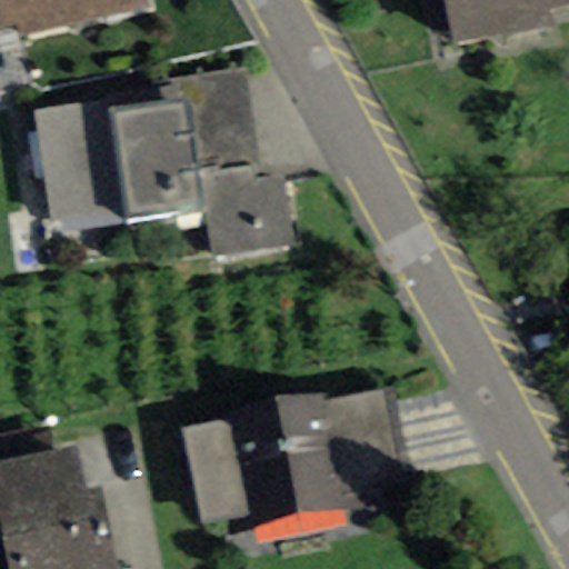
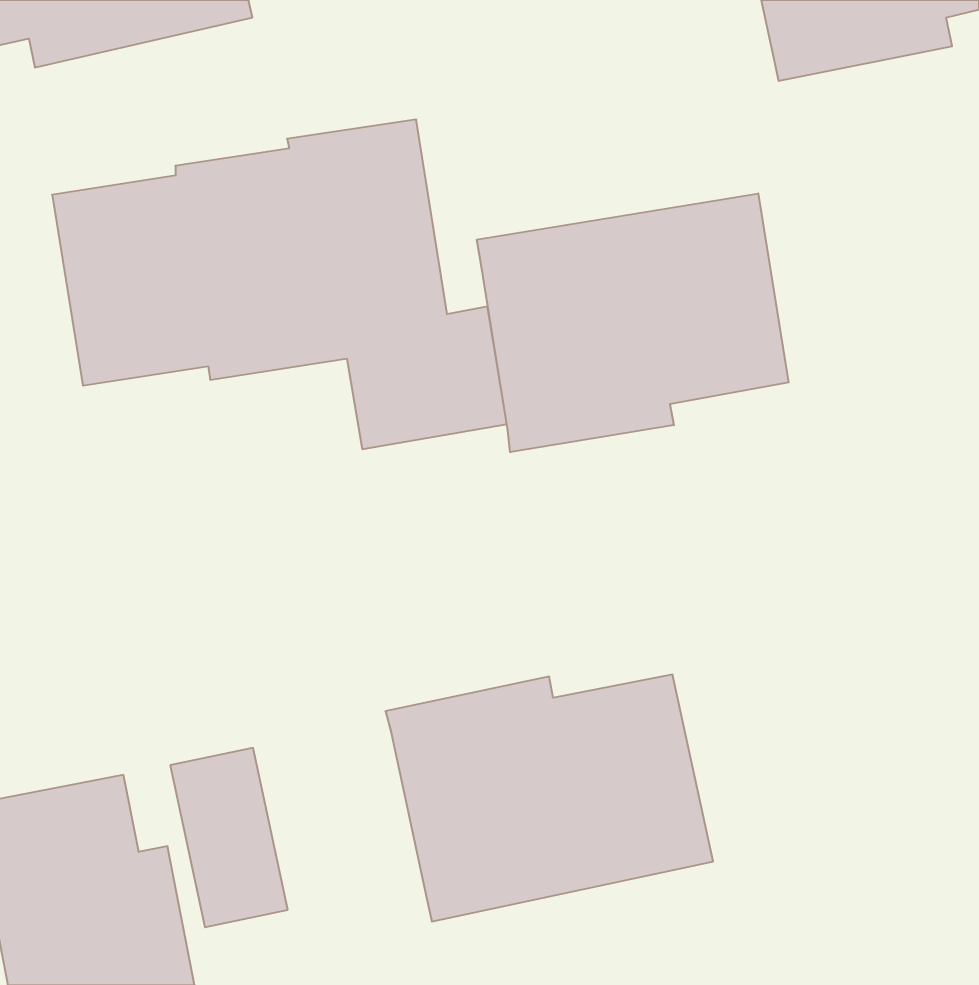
building: none -> [477,193,789,452]
building: [178,422,246,526] -> [170,748,288,927]

